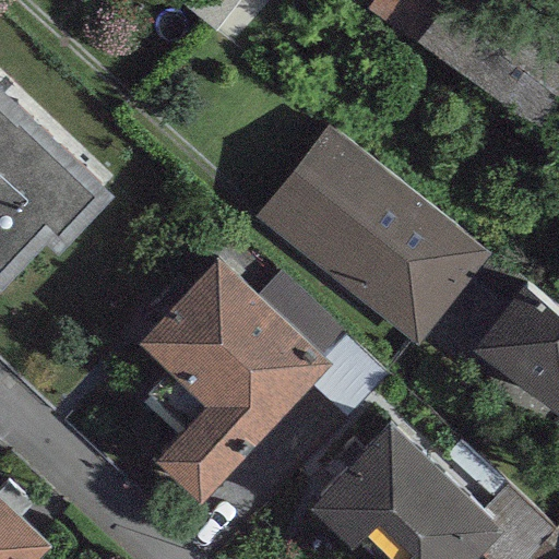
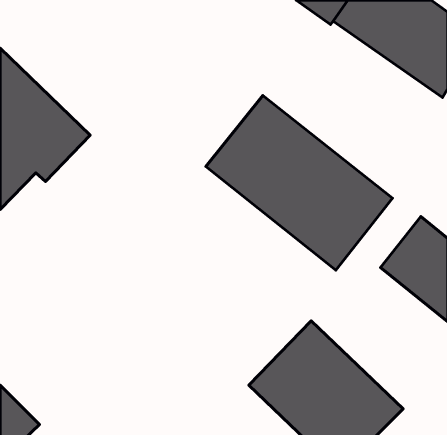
building: [139,257,332,502] -> none

